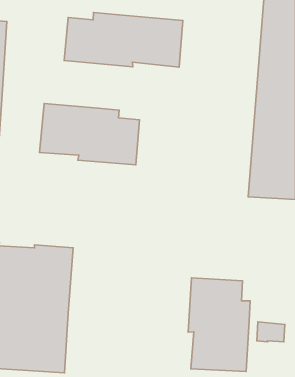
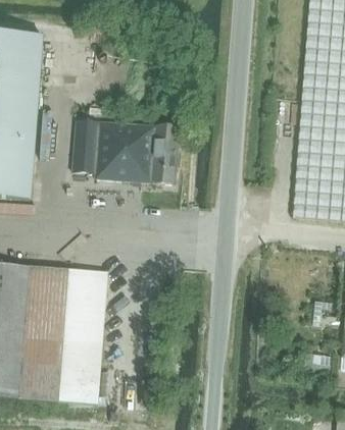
building: [64,12,183,67] -> none
building: [188,278,250,372] -> none

